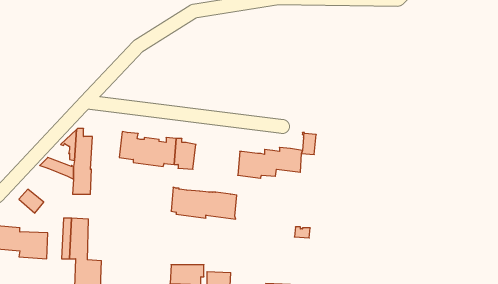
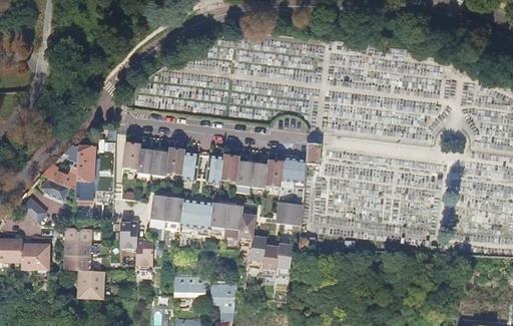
building: none -> [206,153,243,186]
building: none -> [41,179,70,202]
building: none -> [149,195,176,222]
building: none -> [276,201,303,225]
building: none -> [238,206,293,270]
building: none -> [120,221,152,266]

